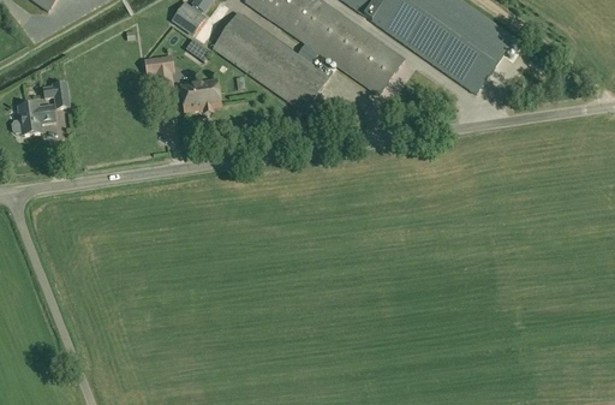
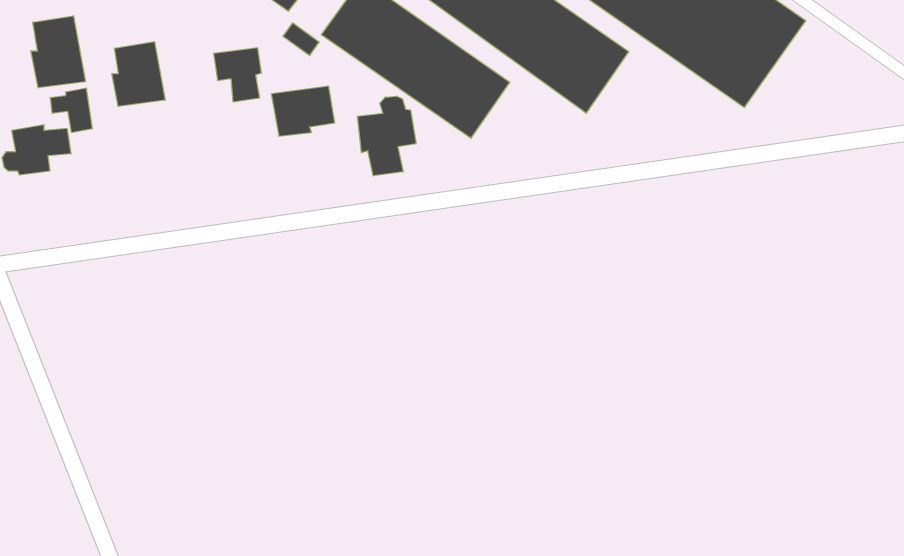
building: none -> [31,16,85,88]
building: none -> [112,42,165,107]
building: none -> [357,96,416,176]

